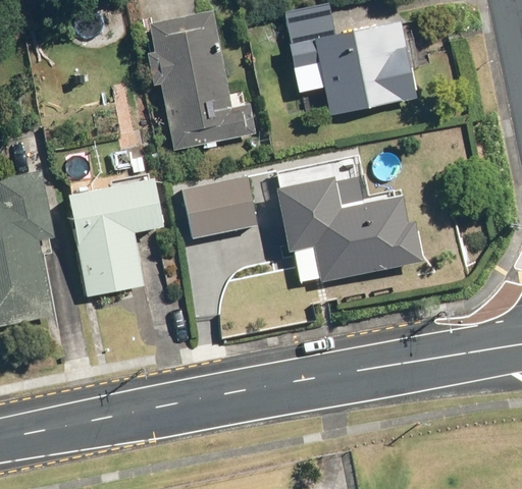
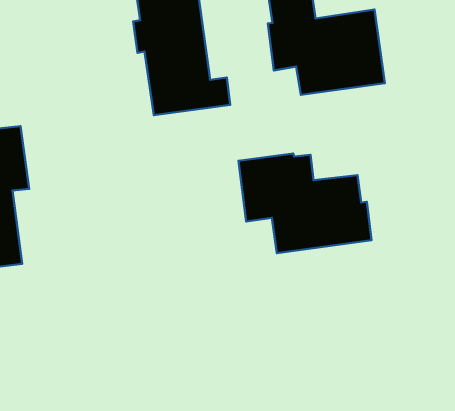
building: [181,175,256,237] -> none
building: [65,177,162,297] -> none

